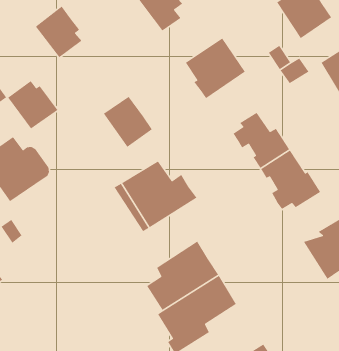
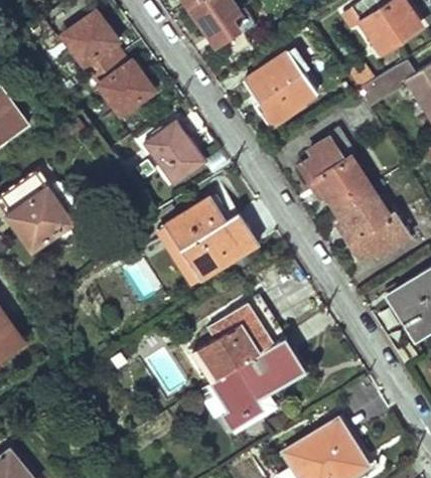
building: [7,80,58,129] -> [93,55,154,115]

